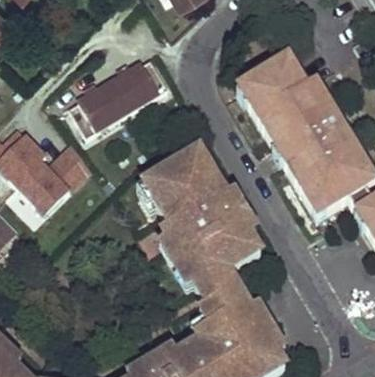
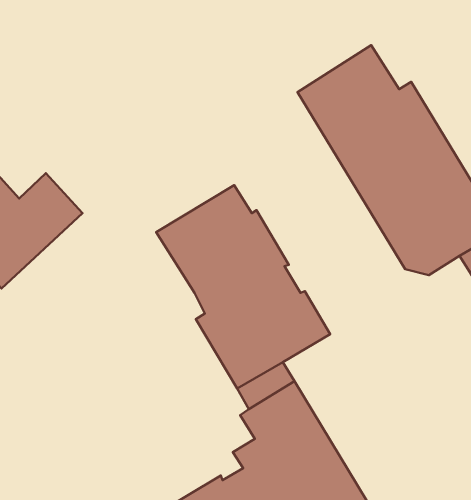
building: [72,53,171,130] -> none

